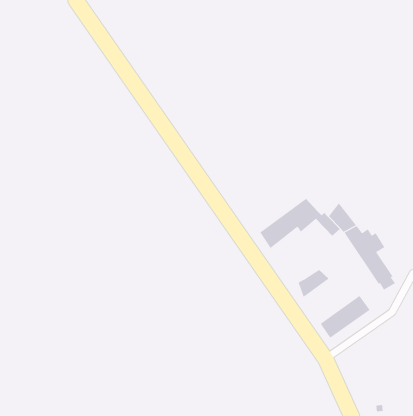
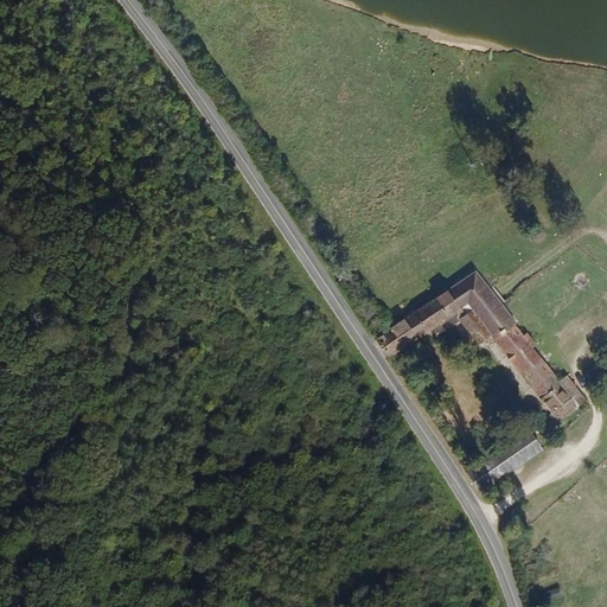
building: none -> [445,270,492,315]
building: [298,269,329,298] -> none

